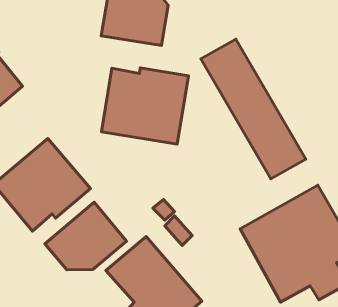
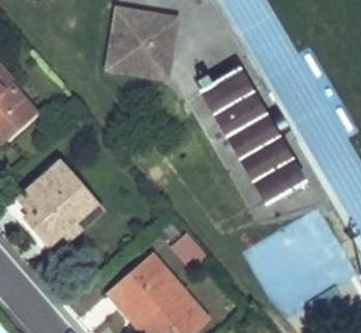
building: [102,68,189,144] -> none
building: [45,202,127,270] -> none

